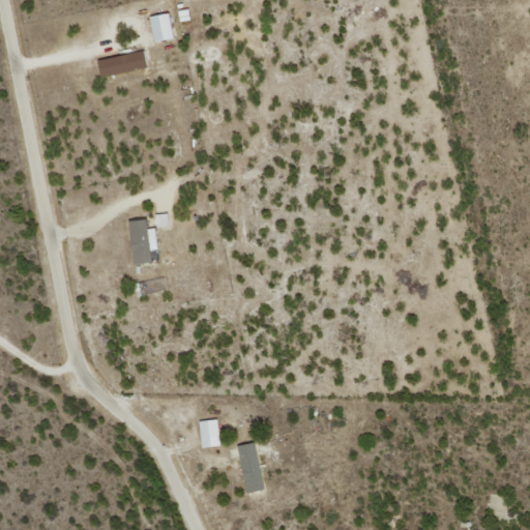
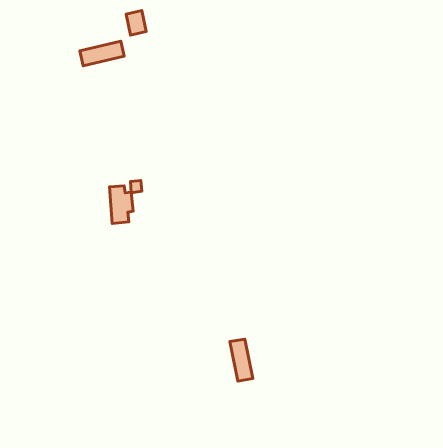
building: [199,420,218,447] -> none
building: [237,443,264,493] -> [230,339,253,381]

